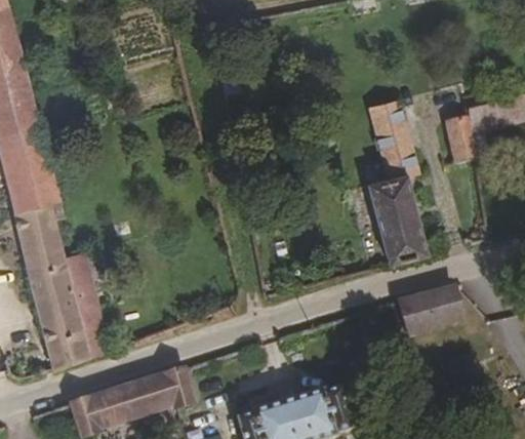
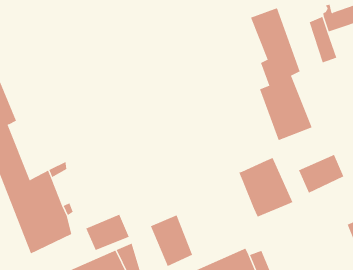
building: none -> [238,157,293,218]
building: none -> [86,214,130,251]
building: none -> [150,215,193,267]

